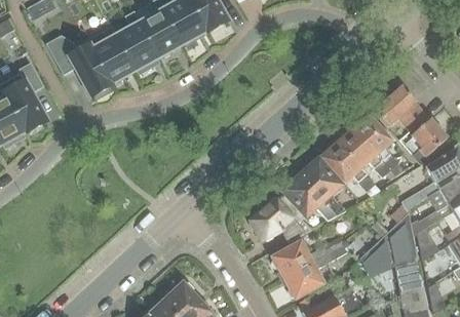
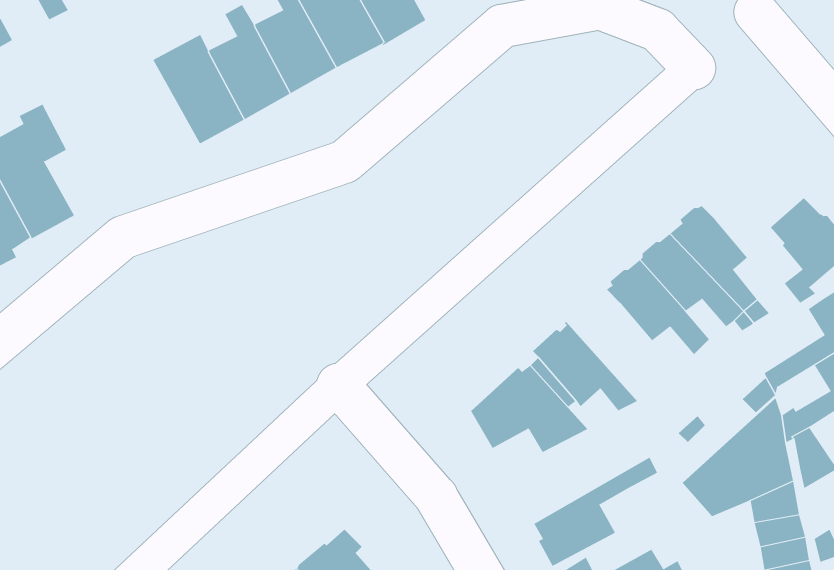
building: [46,37,112,96] -> none
building: [374,86,422,127] -> none
building: [300,159,345,215] -> none
building: [269,237,343,280] -> none

